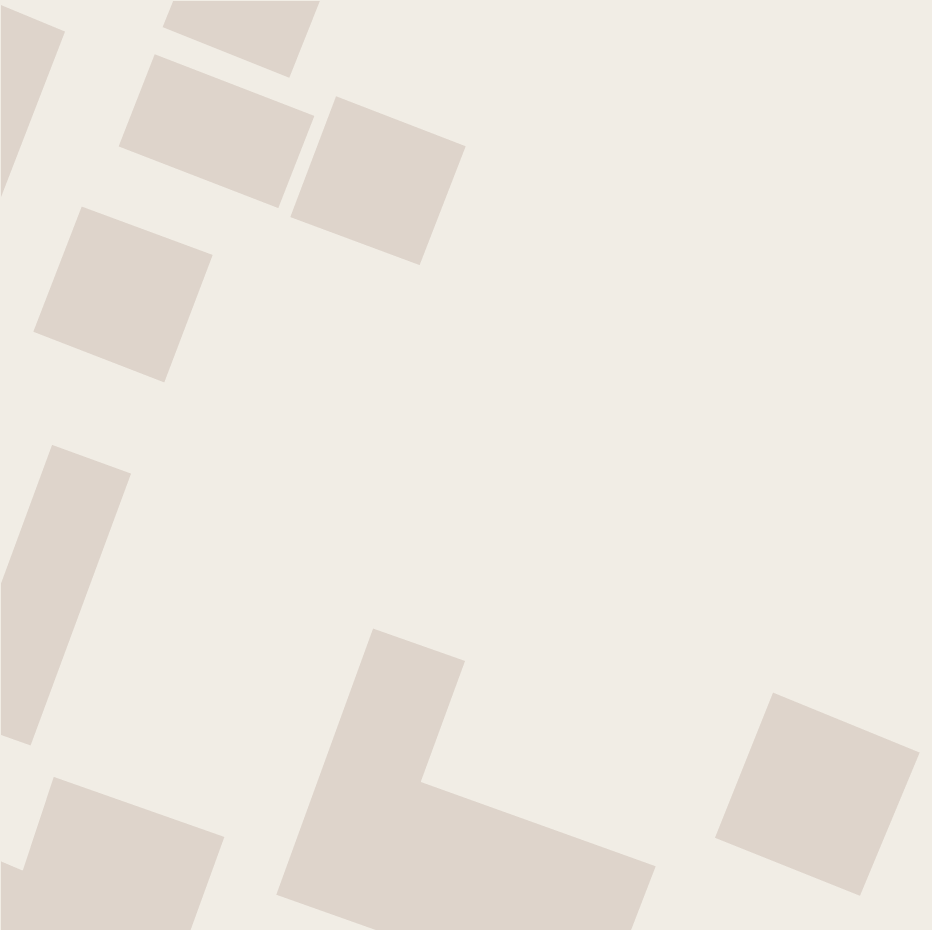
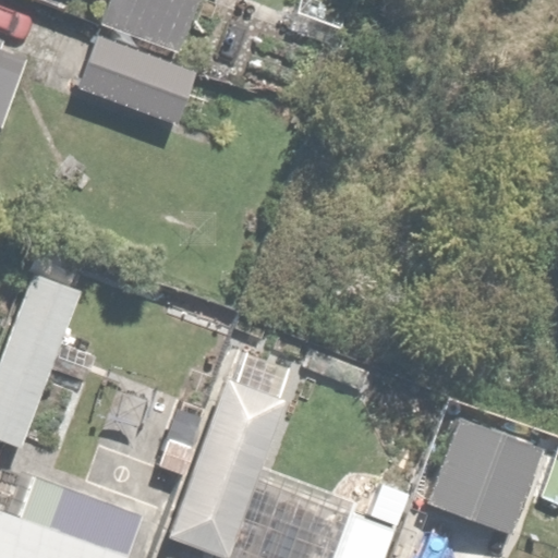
building: [289,95,467,266] -> none
building: [32,206,214,384] -> none

